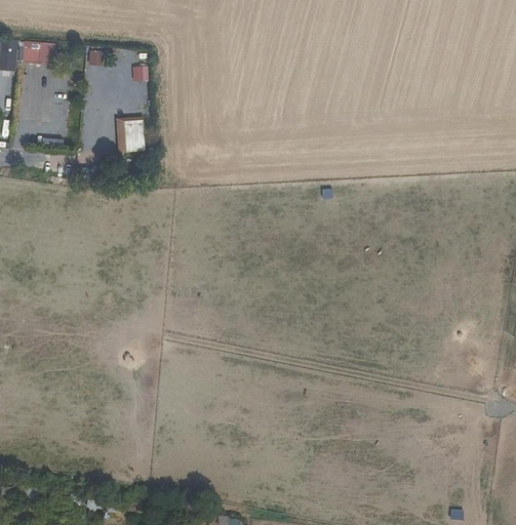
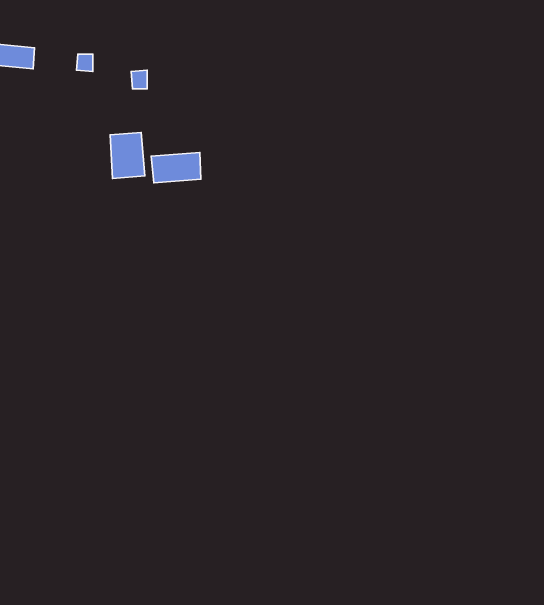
building: none -> [151,152,201,183]

